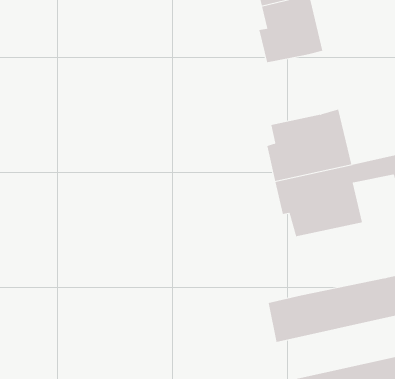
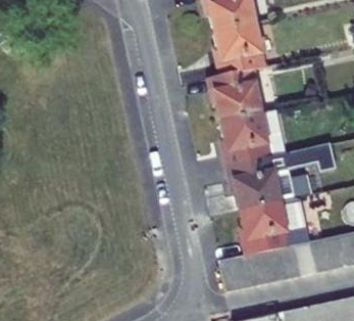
building: none -> [206,68,260,123]
building: none -> [239,196,310,255]

